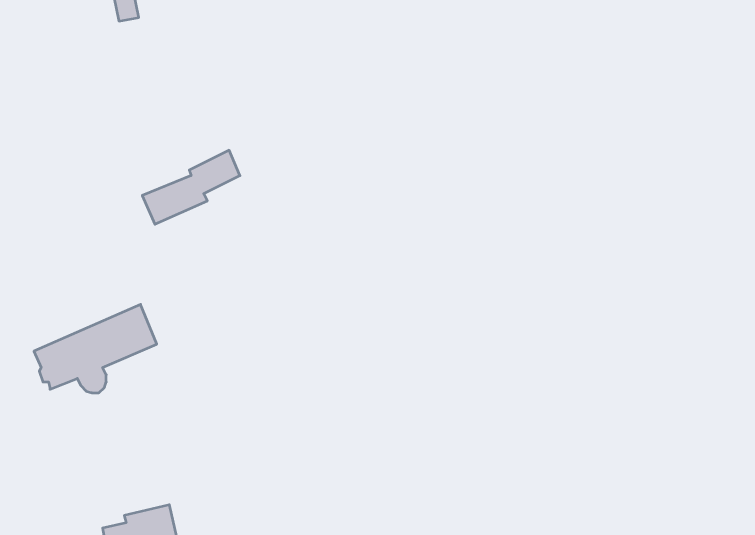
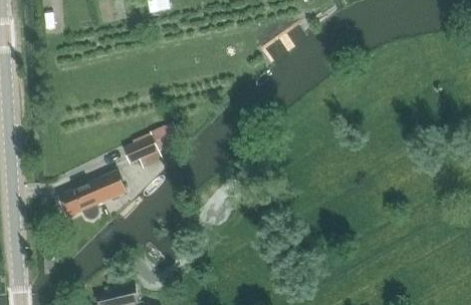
building: [142,150,240,224] -> [123,124,177,166]

